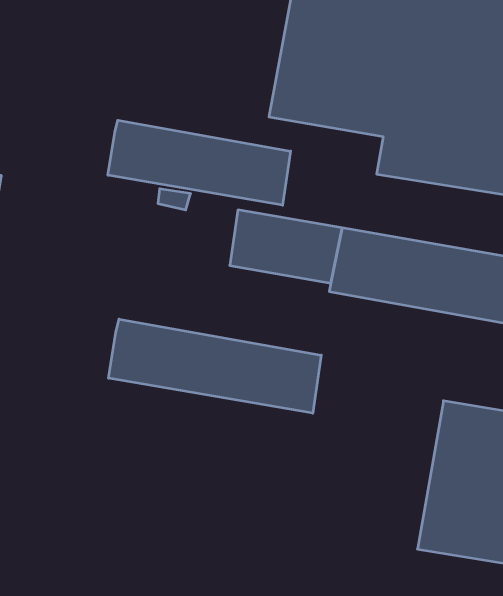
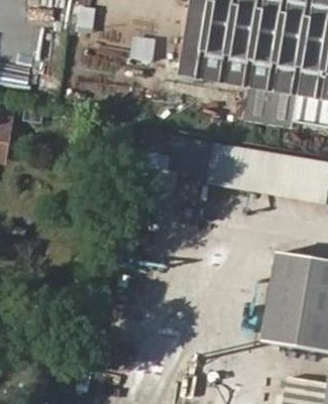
building: [108,120,291,205] -> none
building: [109,319,321,413] -> none

